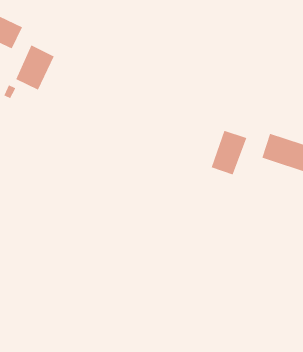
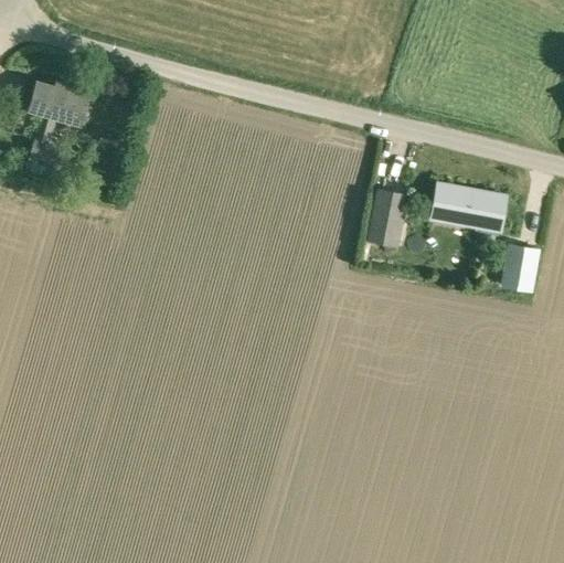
building: [15,45,55,91] -> none

